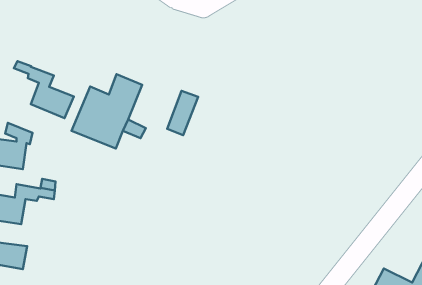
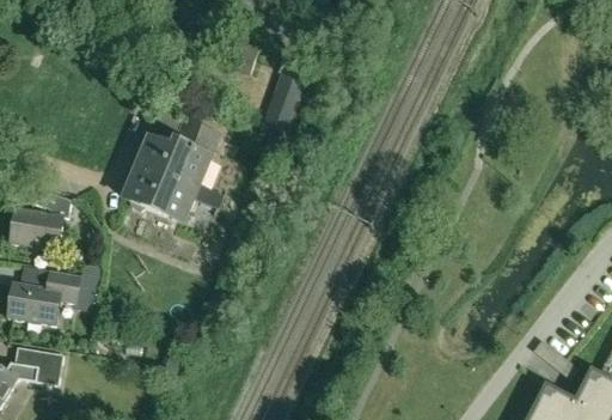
building: [14,61,74,118] -> none
building: [167,91,198,135] -> [263,75,305,135]

